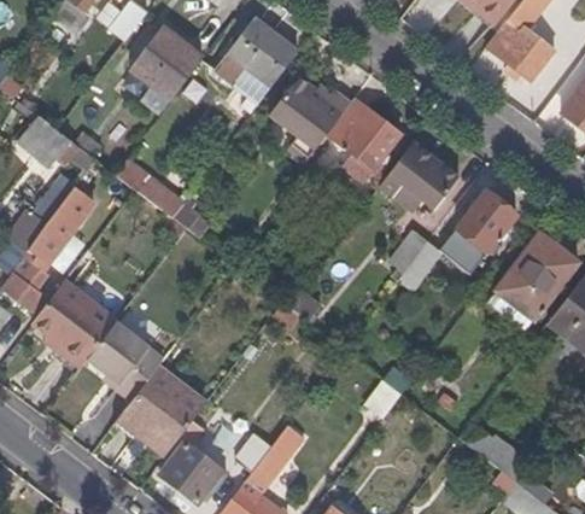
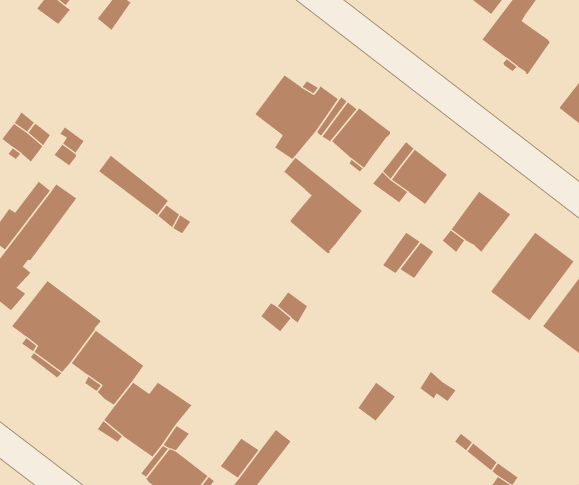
building: [215,21,298,104] -> none
building: [130,28,203,99] -> none
building: none -> [284,157,363,254]

